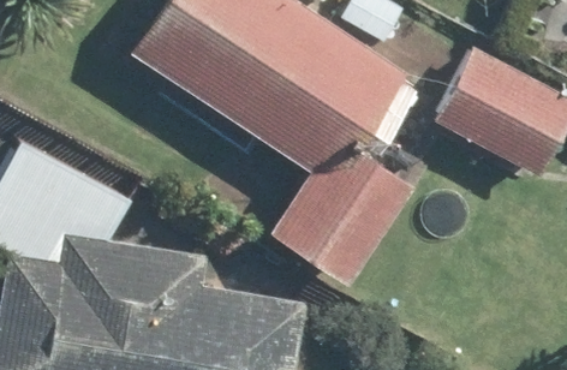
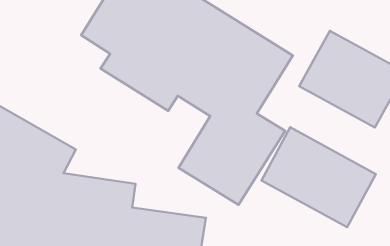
building: none -> [262,127,376,227]

